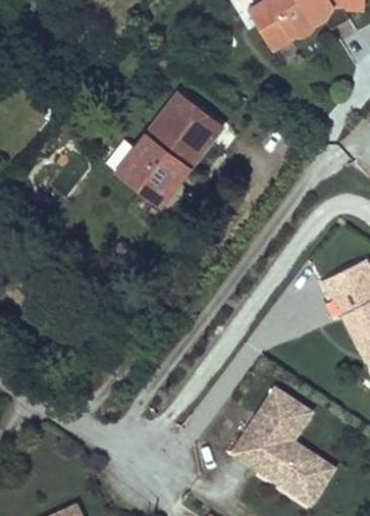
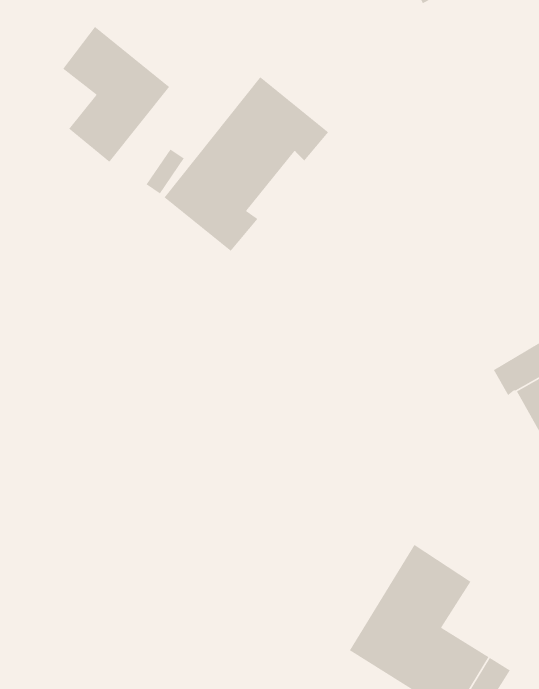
building: none -> [62,26,170,163]

